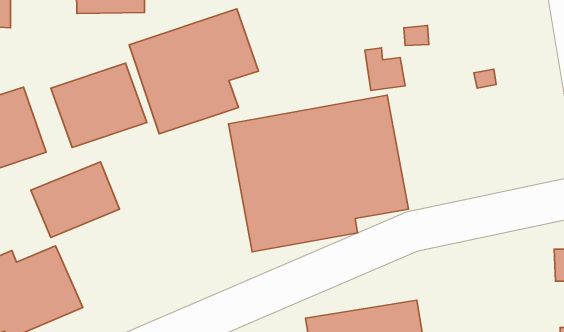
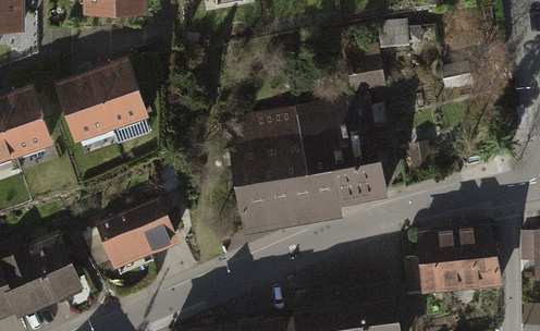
building: [129,9,258,134] -> none
building: [31,162,120,238] -> [95,199,176,269]
building: none -> [417,224,501,297]

